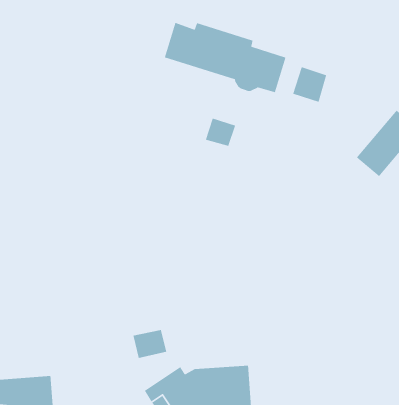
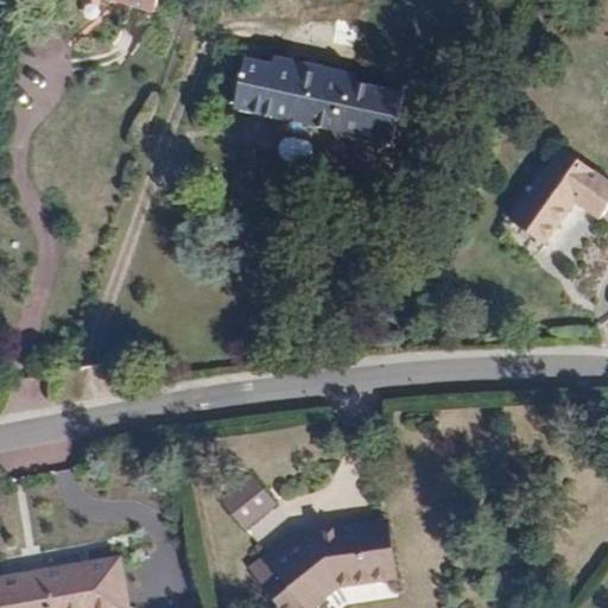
building: [292,66,327,103] -> none
building: [205,118,236,147] -> none

